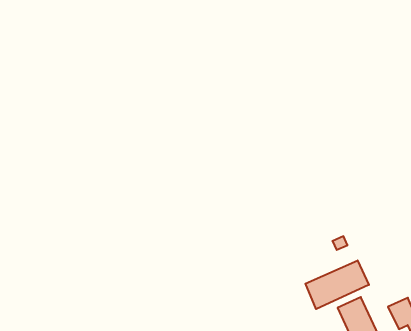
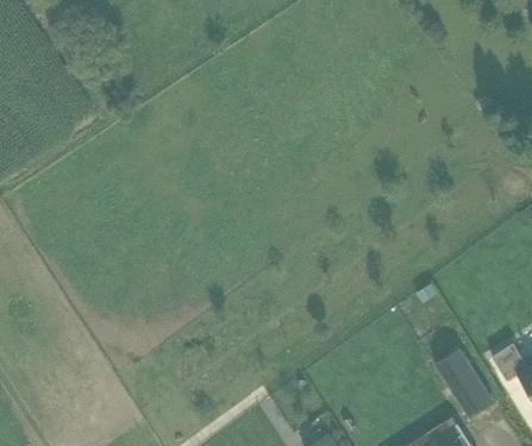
building: [305,260,369,309] -> none

